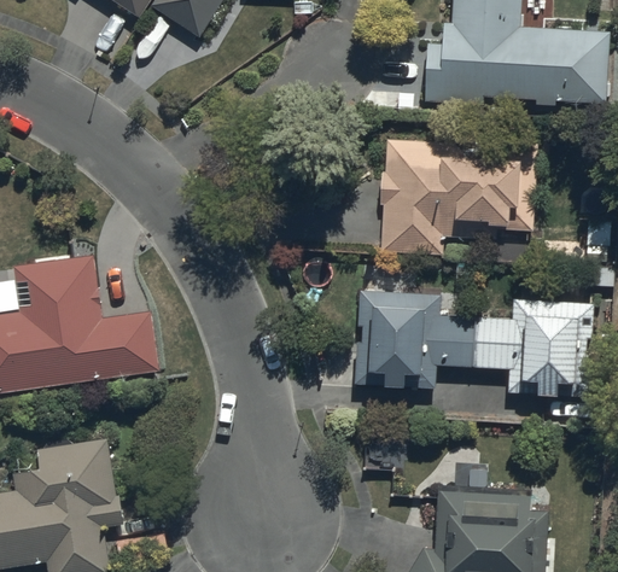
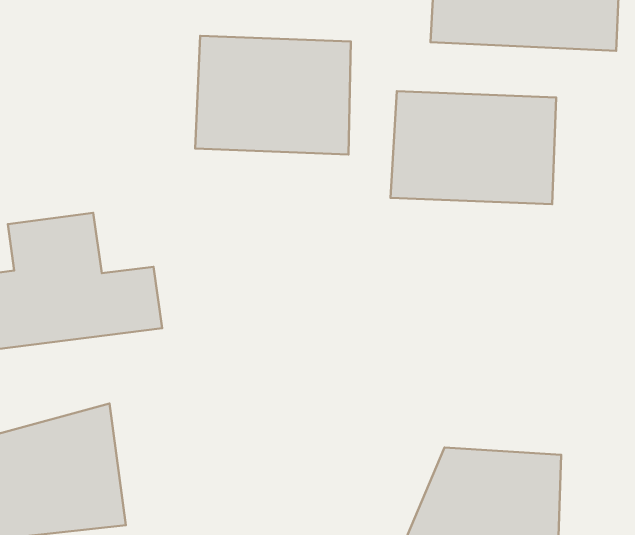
building: none -> [195,36,351,154]
building: [358,288,593,398] -> none

